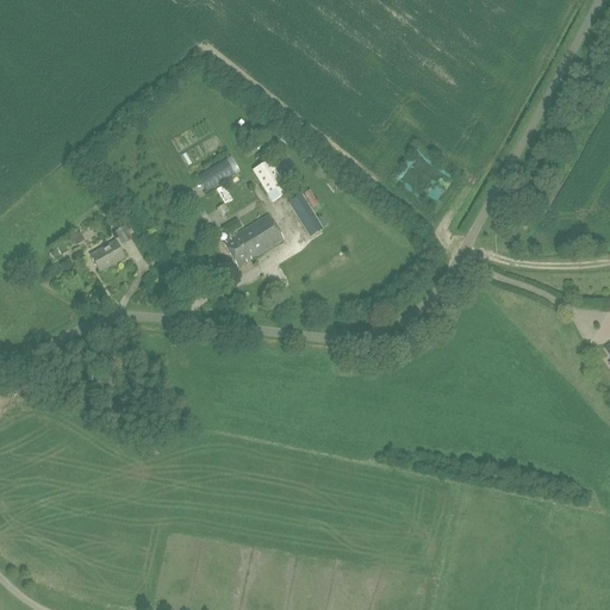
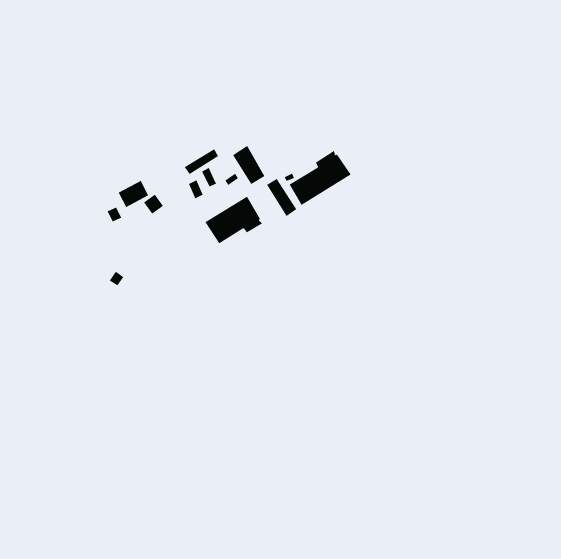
building: none -> [289,150,351,206]
building: [89,239,123,269] -> [118,180,149,208]

